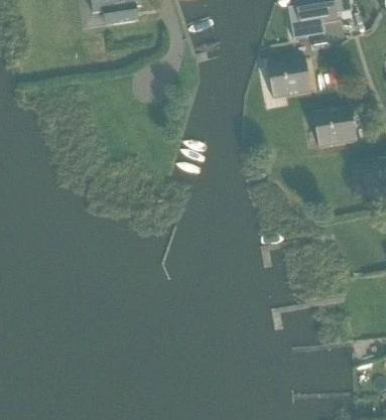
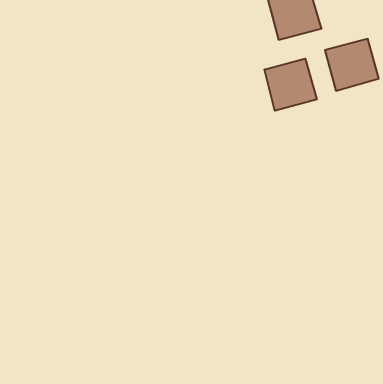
building: none -> [264,59,317,111]

